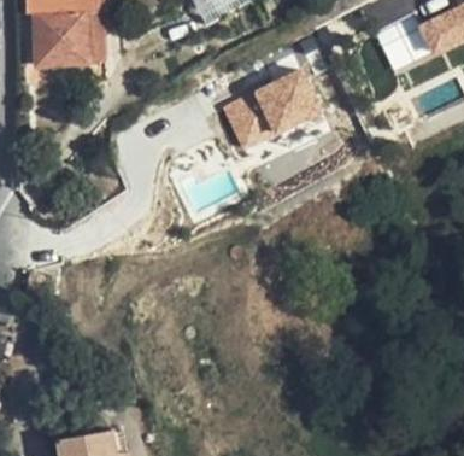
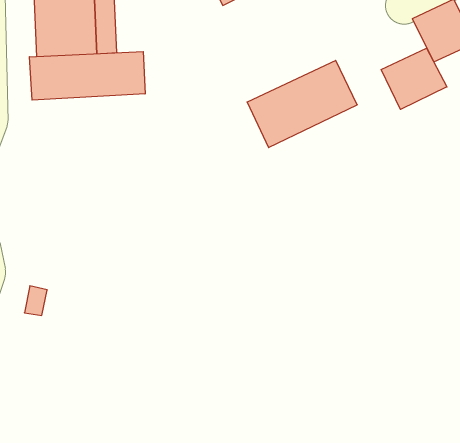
building: none -> [381,48,447,109]
building: none -> [29,52,145,100]

